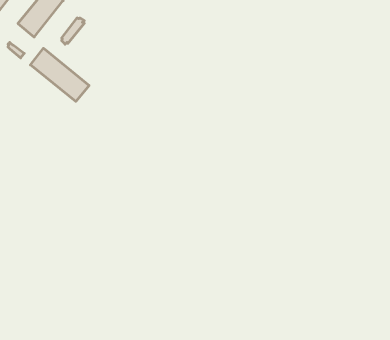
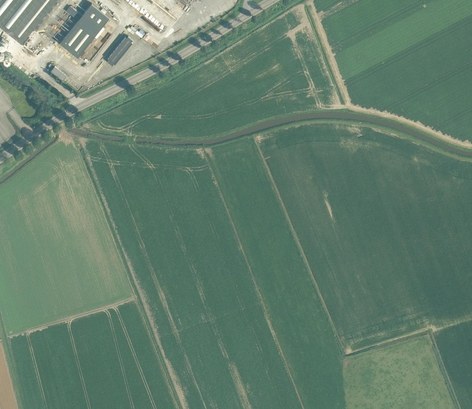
building: [30,48,89,101] -> none

